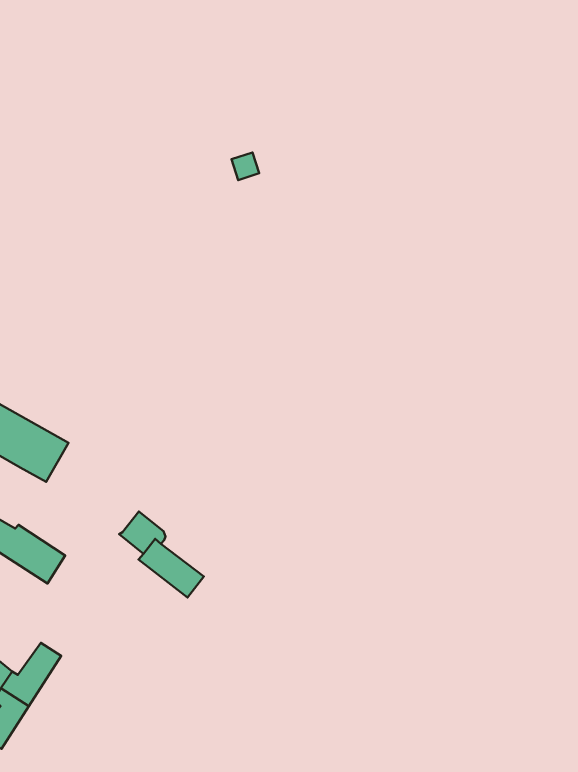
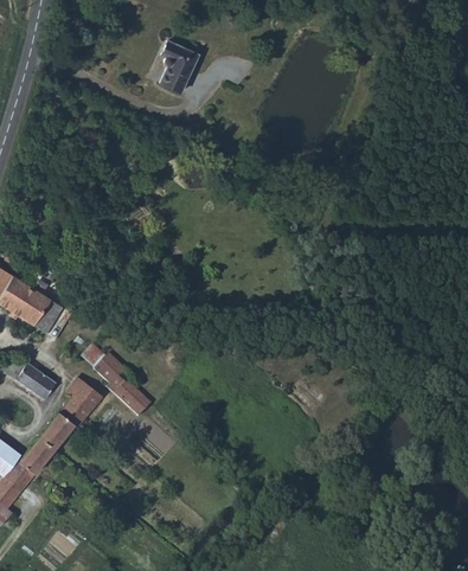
building: none -> [158,37,197,90]
building: none -> [39,380,98,450]

